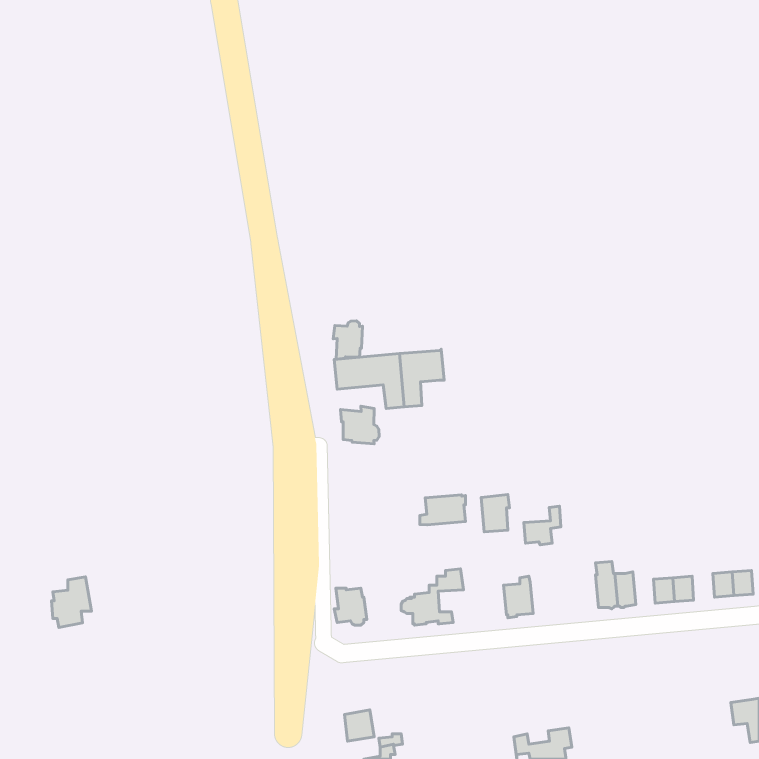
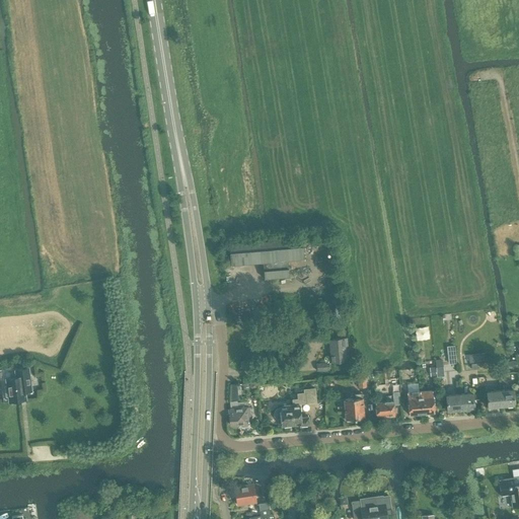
building: [333,321,362,359] -> none
building: [341,406,379,444] -> none
building: [420,495,466,525] -> none
building: [524,506,561,545] -> [375,391,400,418]
building: [51,577,91,627] -> [4,369,31,403]

